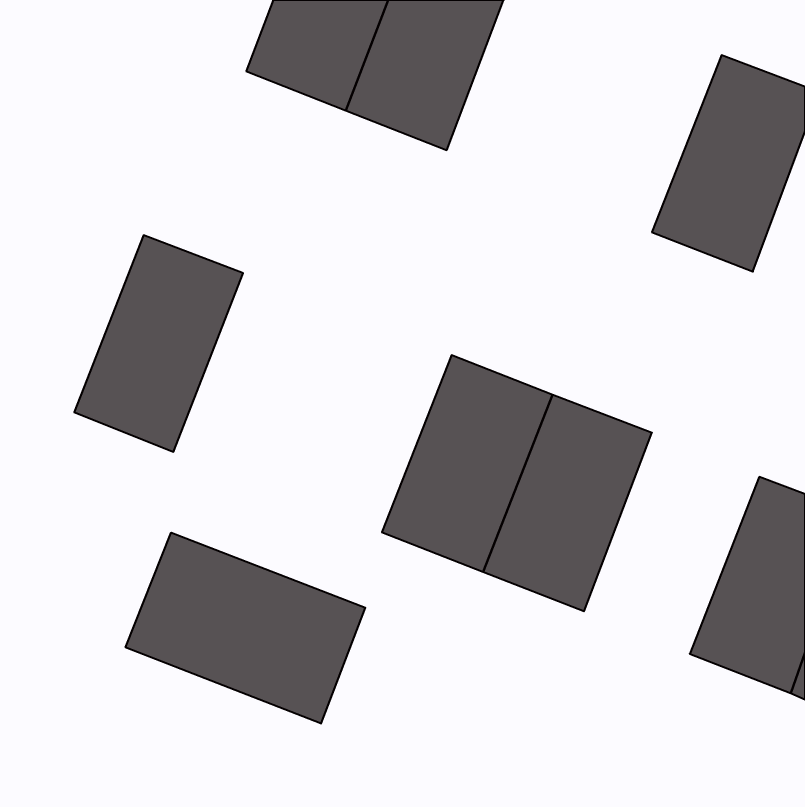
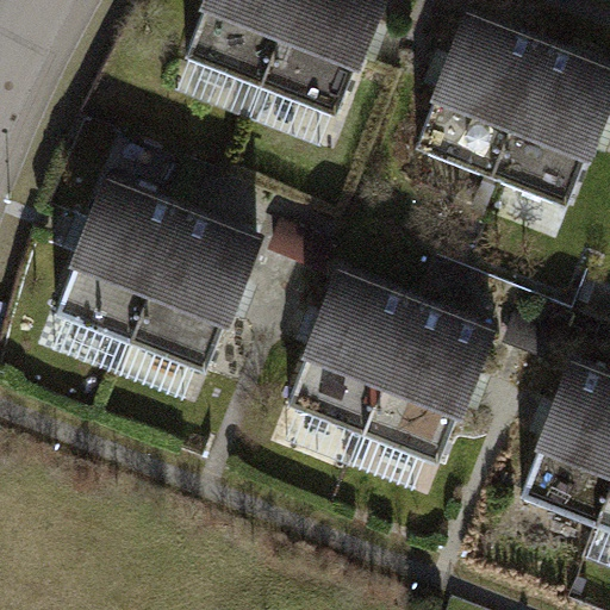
building: none -> [417,12,544,175]
building: none -> [131,206,259,369]
building: [126,533,365,724] -> none

